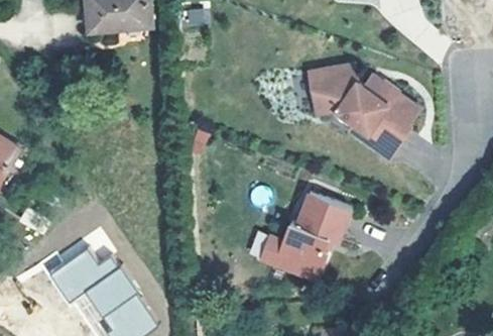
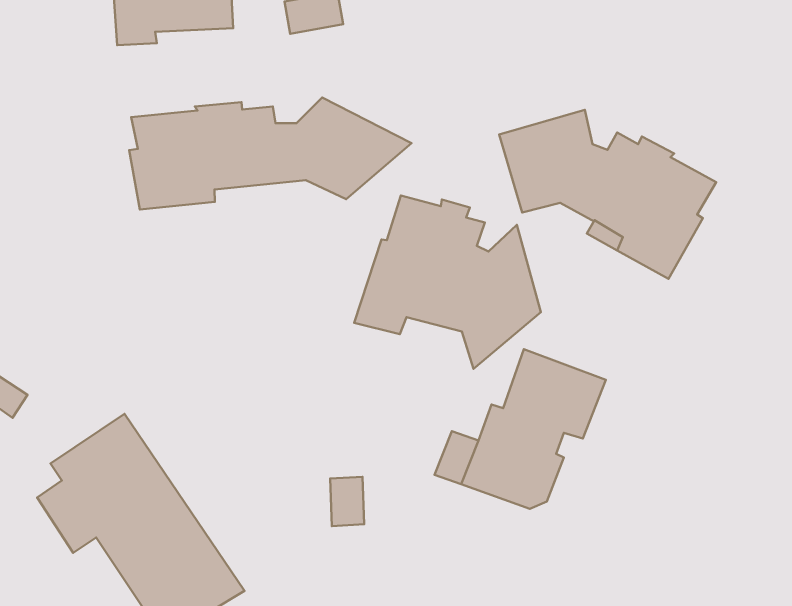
building: none -> [129,98,411,210]
building: none -> [354,195,541,369]

